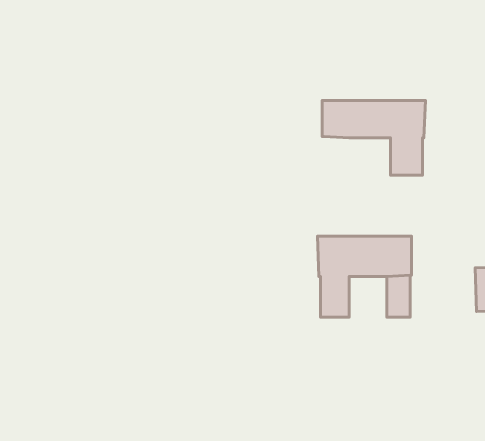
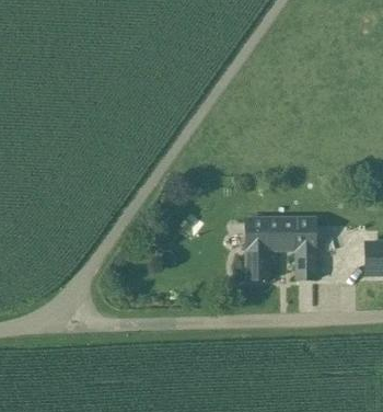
building: [322,101,426,175] -> none

